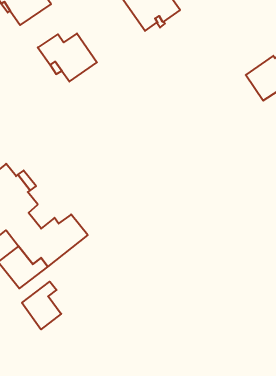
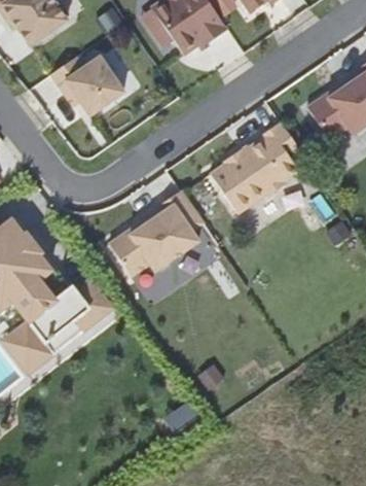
building: none -> [210,121,301,214]
building: none -> [108,190,204,277]
building: [22,282,61,329] -> none

